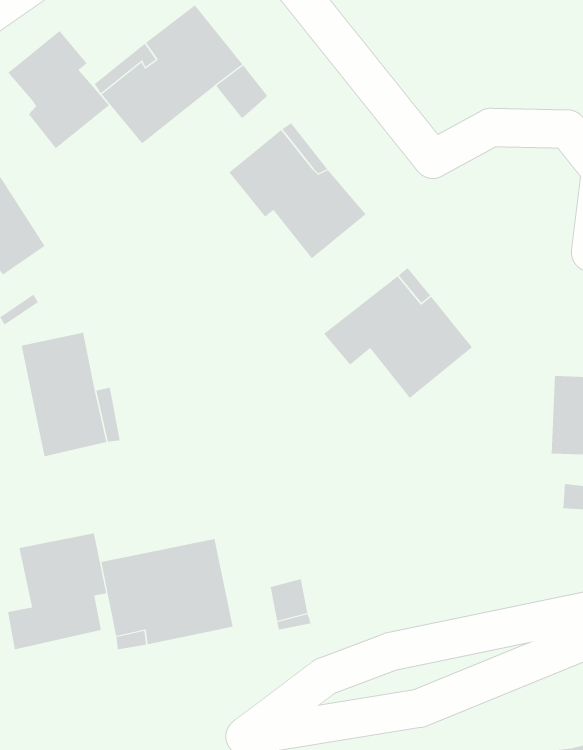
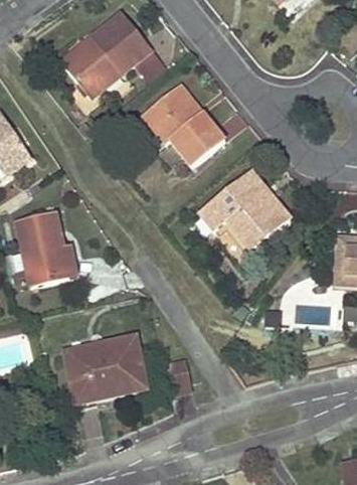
building: [7,30,110,149] -> none
building: [7,532,107,650] -> none

